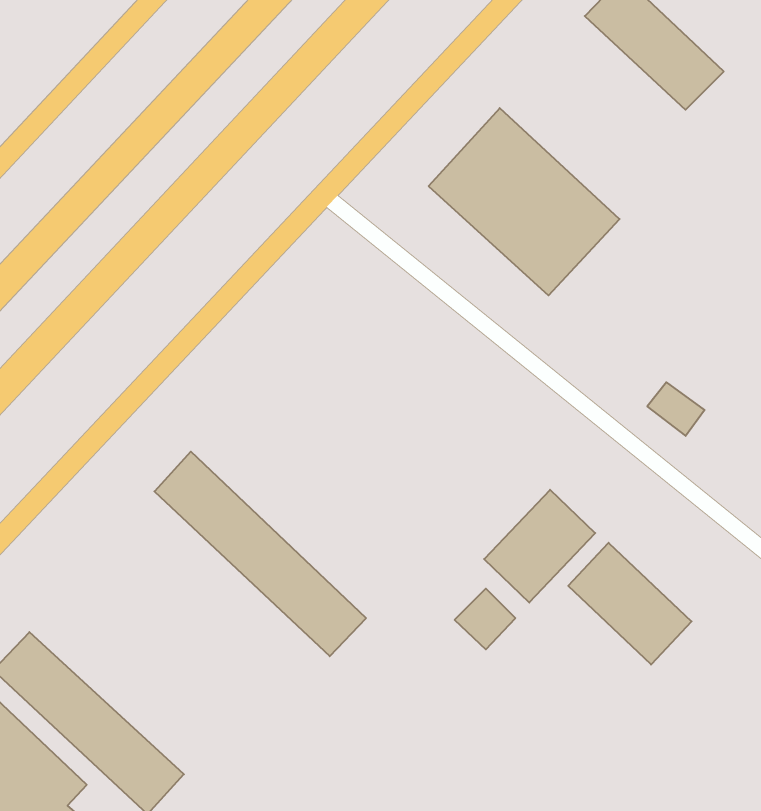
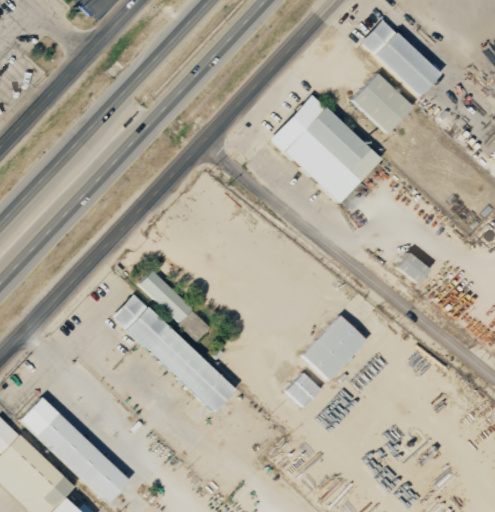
building: none -> [352,72,413,133]
building: none -> [139,270,211,340]
building: [568,543,692,665] -> none

